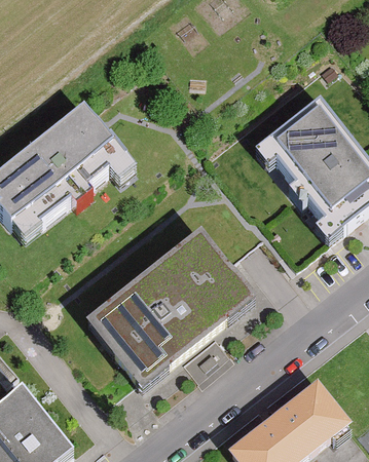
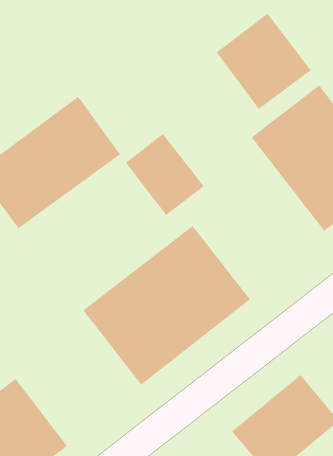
building: none -> [216,13,311,110]
building: none -> [125,133,205,216]

